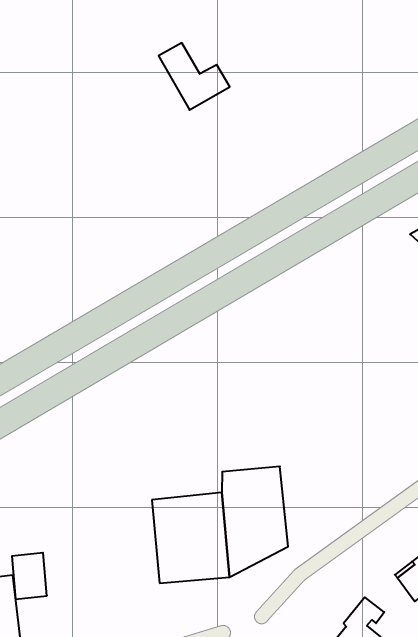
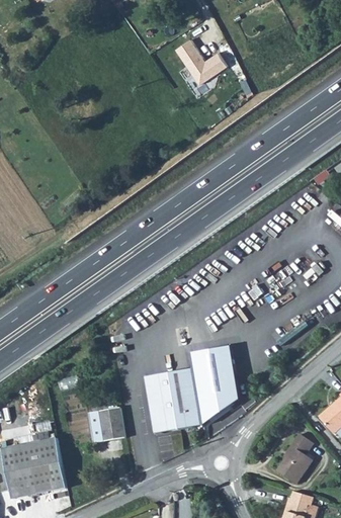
building: [159,43,230,110] -> [176,39,227,85]
building: [12,553,47,599] -> [98,407,124,440]

